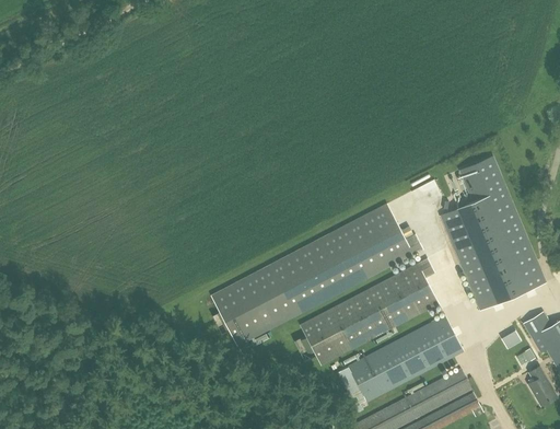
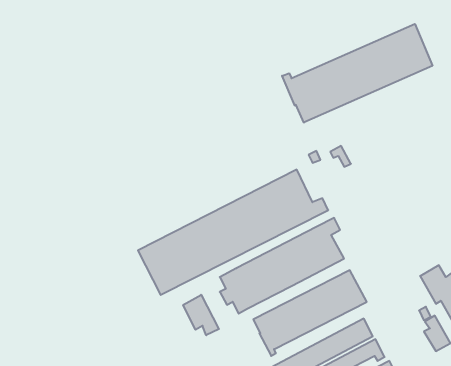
building: none -> [282,24,432,123]
building: [441,153,547,309] -> none
building: none -> [183,295,219,335]

